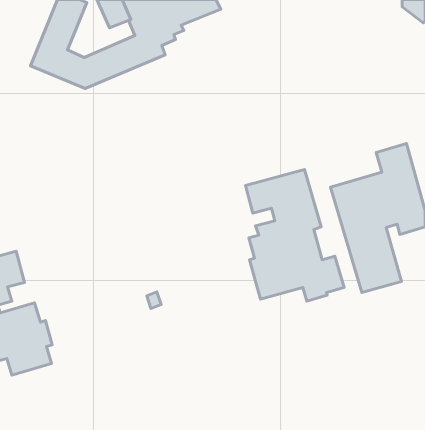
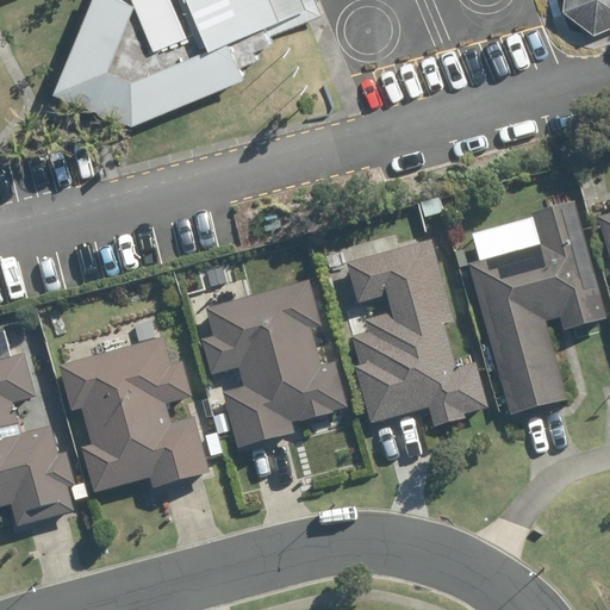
building: none -> [200,281,343,447]
building: none -> [58,335,212,492]

